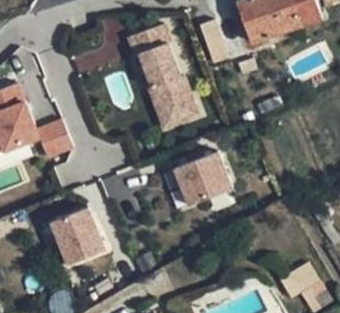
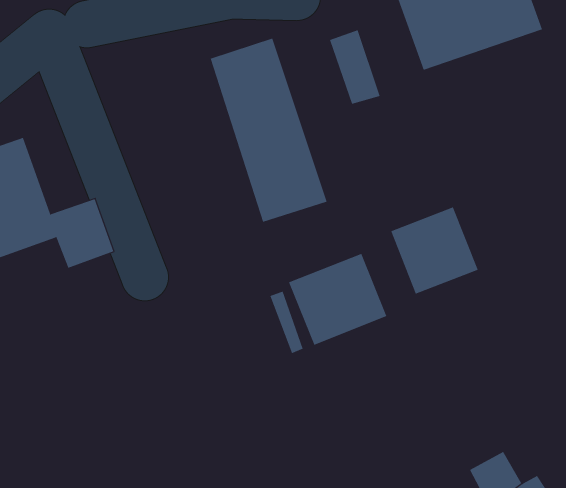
building: none -> [390,207,478,294]
building: [46,208,105,269] -> none

